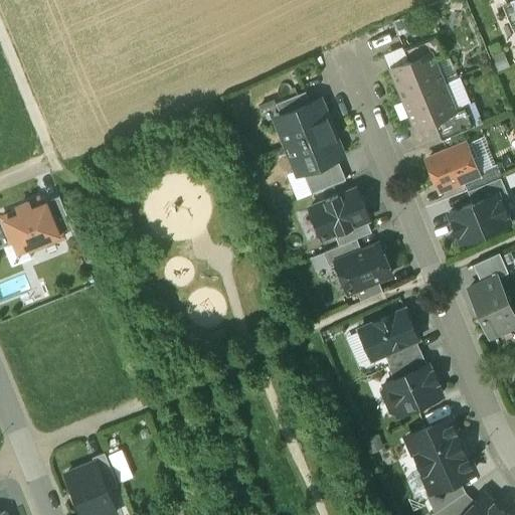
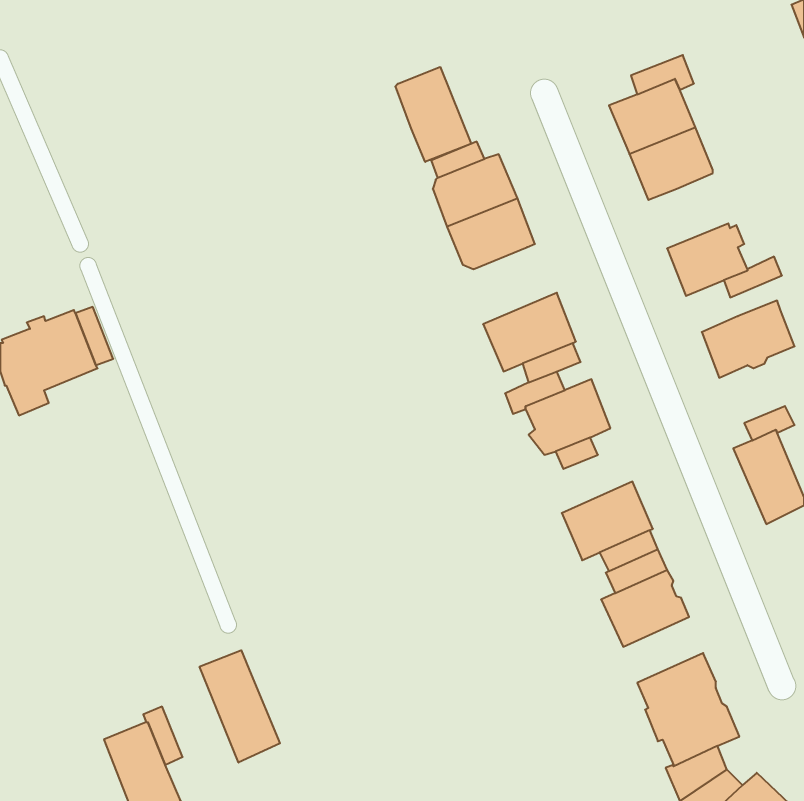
building: none -> [395,67,471,162]
building: [433,107,474,142] -> none
building: [303,160,345,195] -> none
building: [467,178,508,204] -> none
building: none -> [200,650,280,763]

